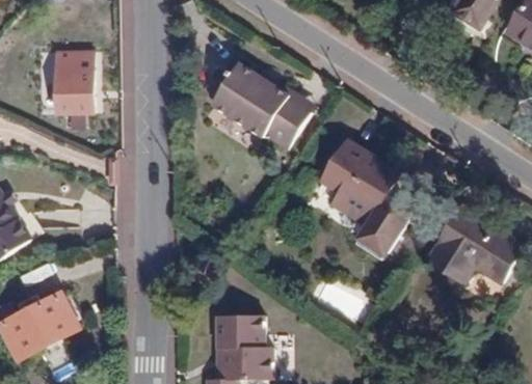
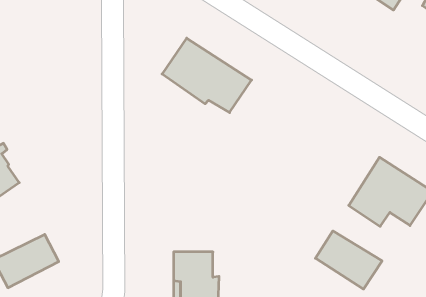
building: [56,55,94,114] -> none
building: [320,142,405,254] -> none
building: none -> [315,231,382,289]

